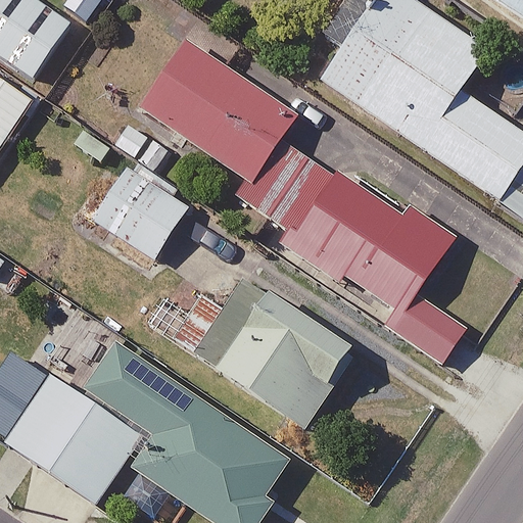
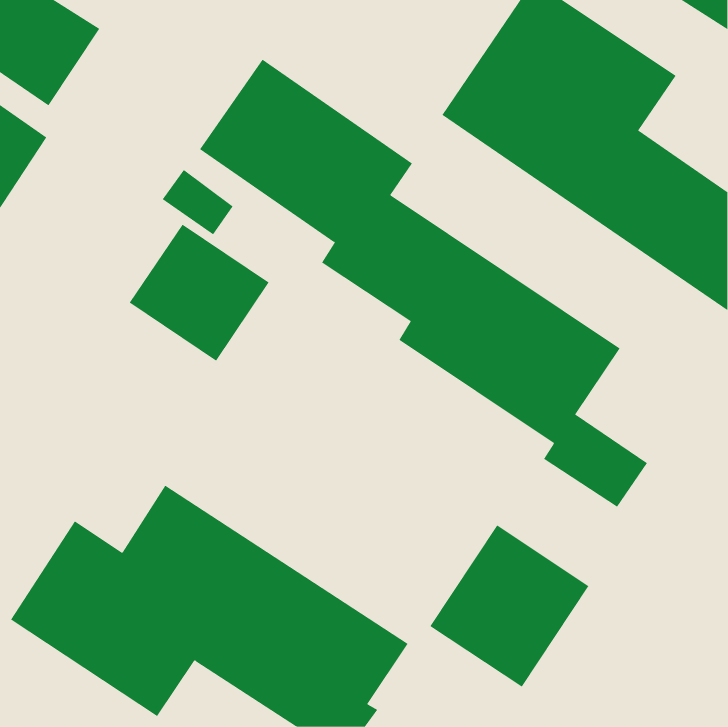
building: [170,271,359,425] -> none
building: none -> [430,525,589,688]

